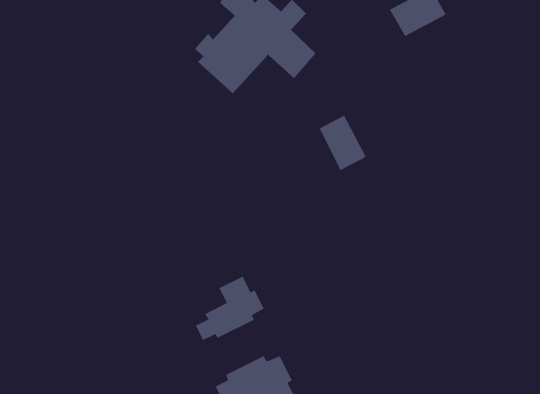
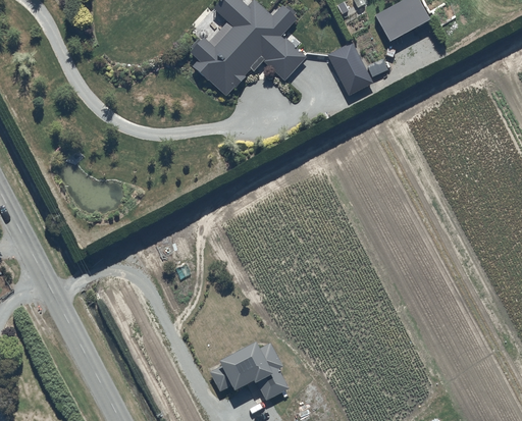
building: [319,114,367,171] -> [327,42,373,96]
building: [195,275,265,341] -> none

